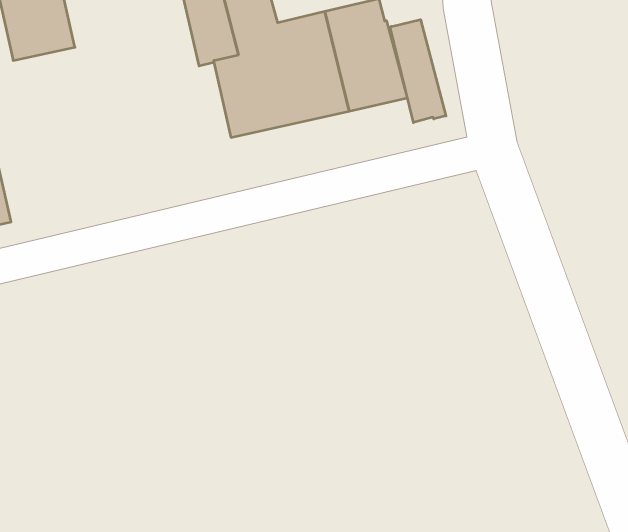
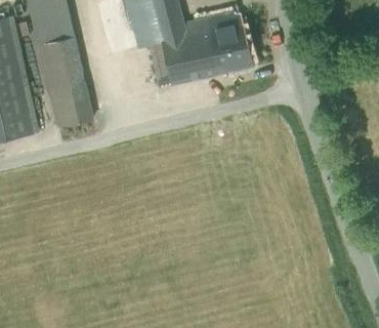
building: [390,20,446,123] -> none
building: none -> [39,37,92,127]

